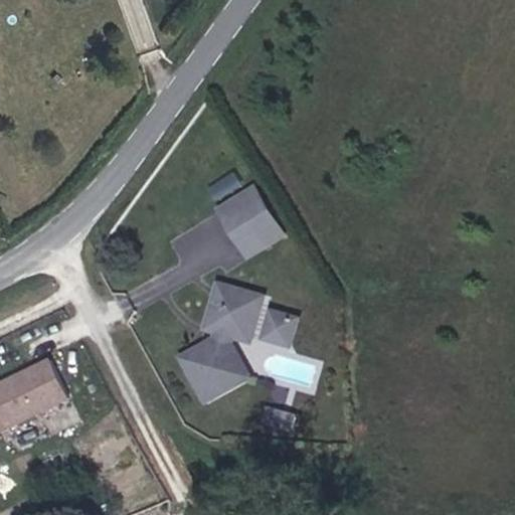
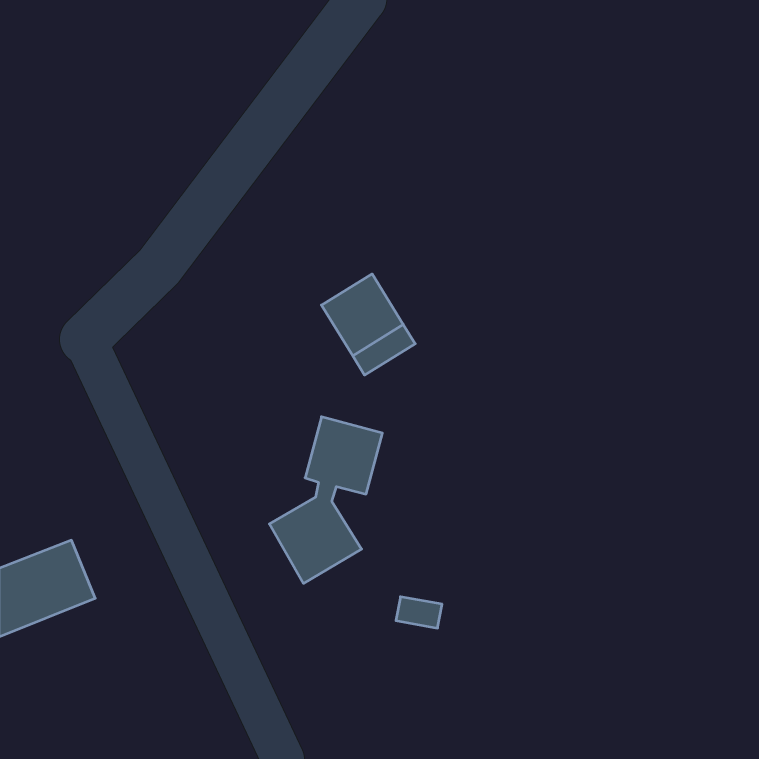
building: [259,305,292,339] -> none

